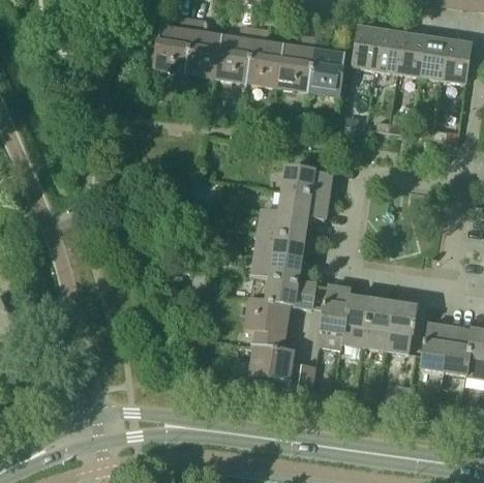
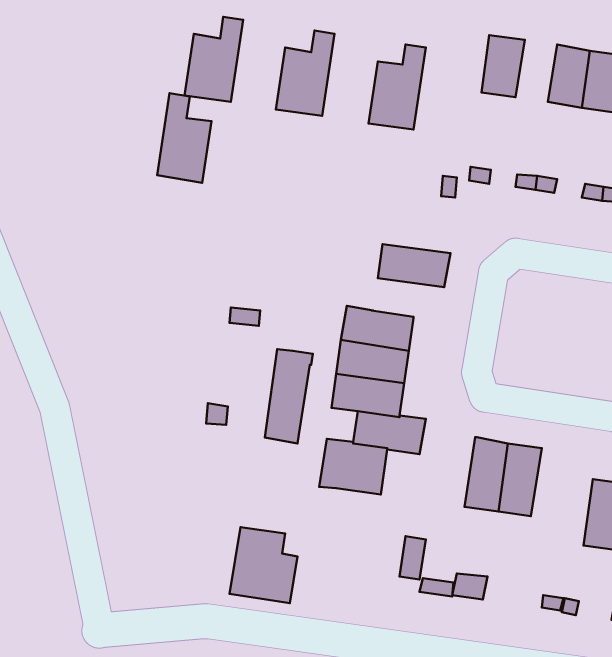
building: [185,17,221,77] -> [157,93,211,183]
building: [246,26,283,86] -> none
building: [375,30,403,71] -> none
building: [307,35,344,95] -> none
building: [279,189,328,219] -> none
building: [319,285,351,349] -> [265,349,313,444]
building: [386,303,416,352] -> none
building: [248,330,294,381] -> [230,527,298,603]

